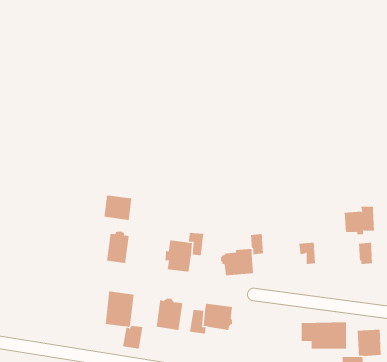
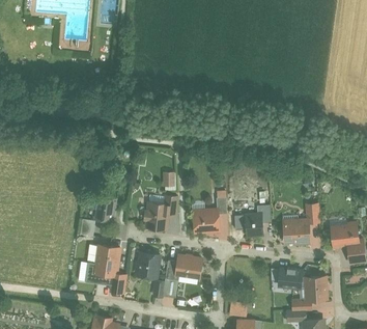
building: [104,195,132,221] -> none
building: [344,206,375,235] -> [283,219,309,243]
building: none -> [244,213,263,237]

